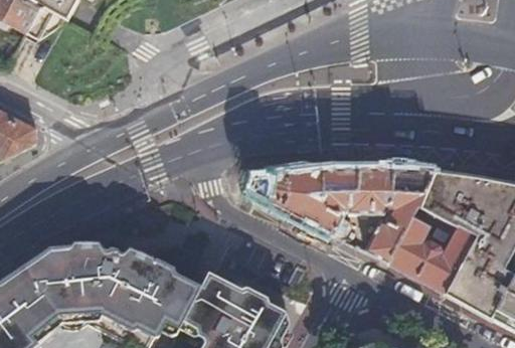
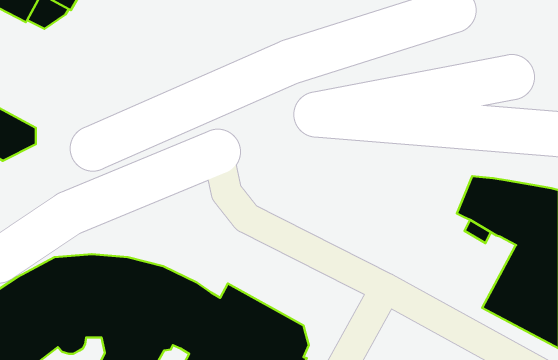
building: [248,170,474,294] -> none

